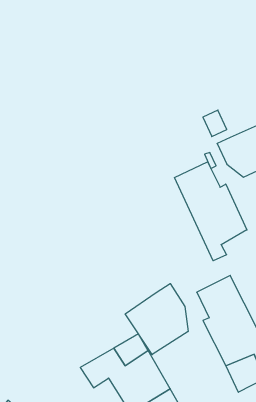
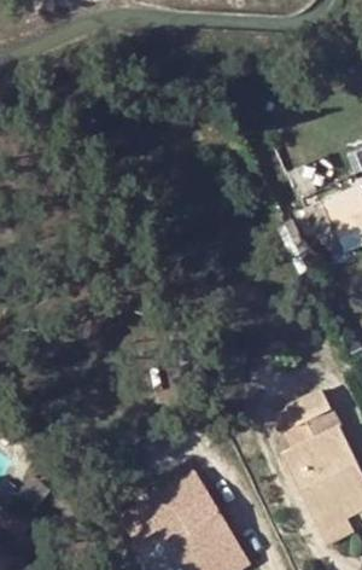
building: [174,162,247,261] -> none
building: [125,284,188,355] -> none

